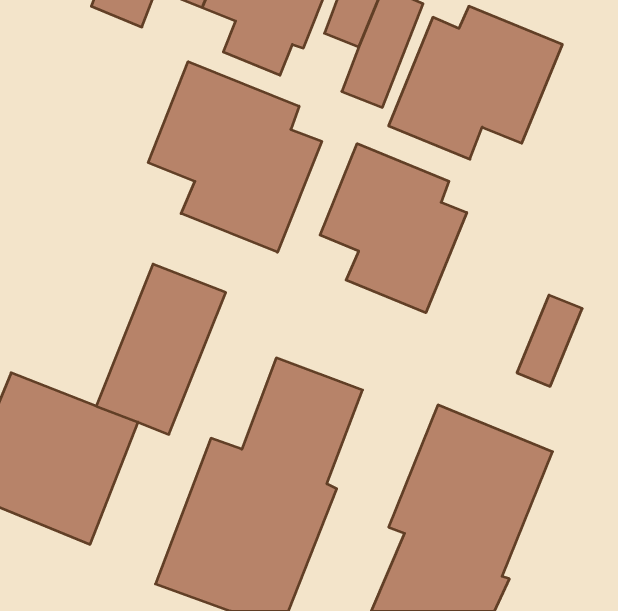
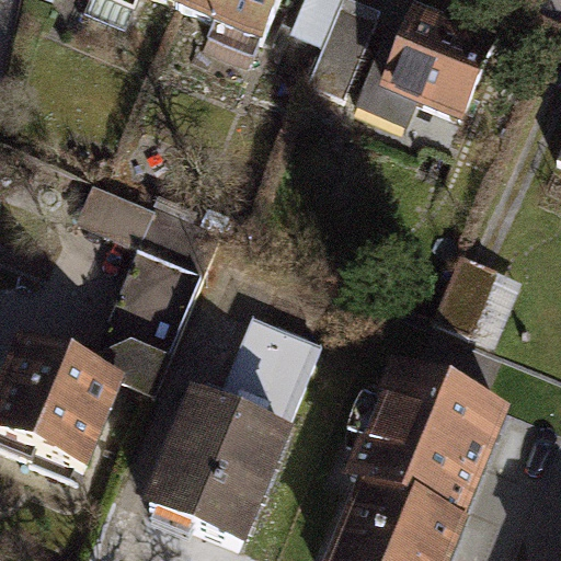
building: [148,62,322,252] -> none
building: [320,144,467,313] -> none

